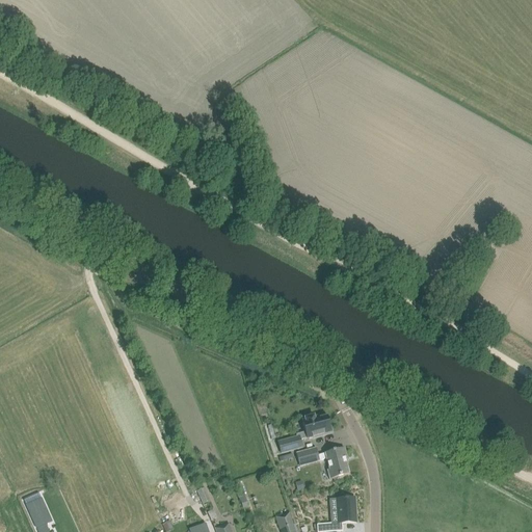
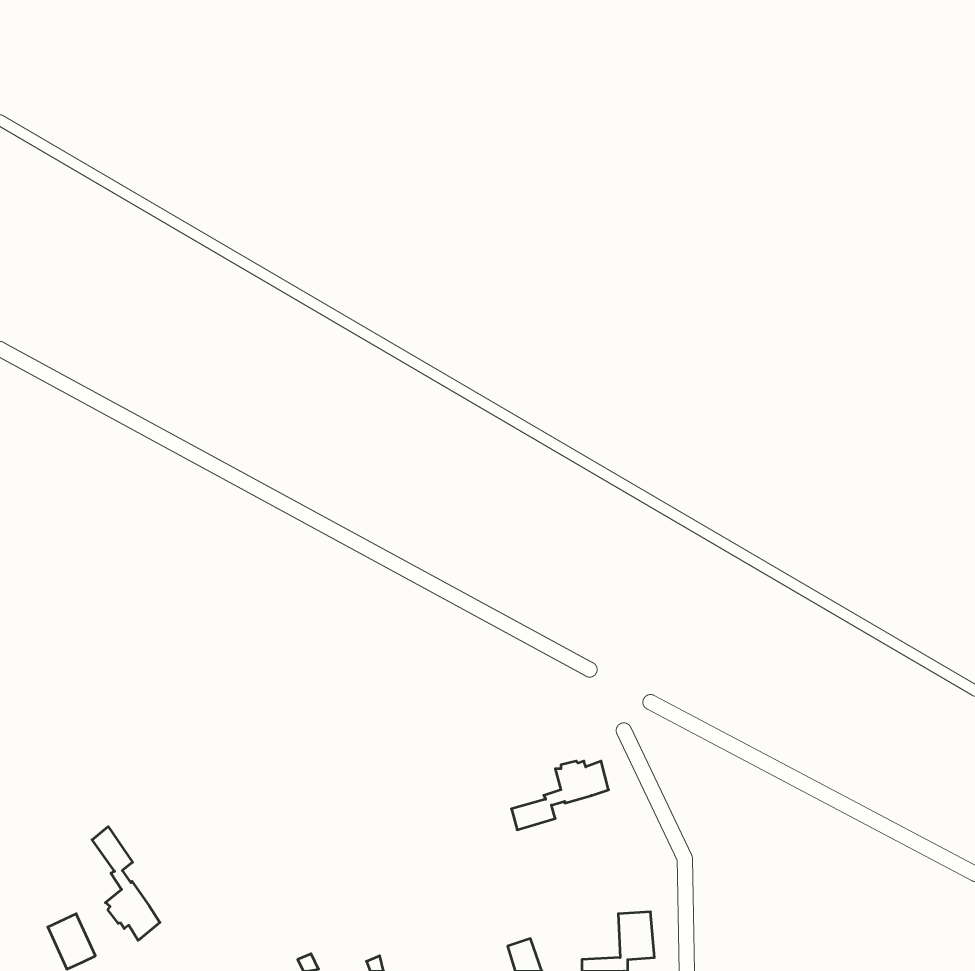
building: [296,446,349,478] -> none
building: none -> [92,827,160,940]

